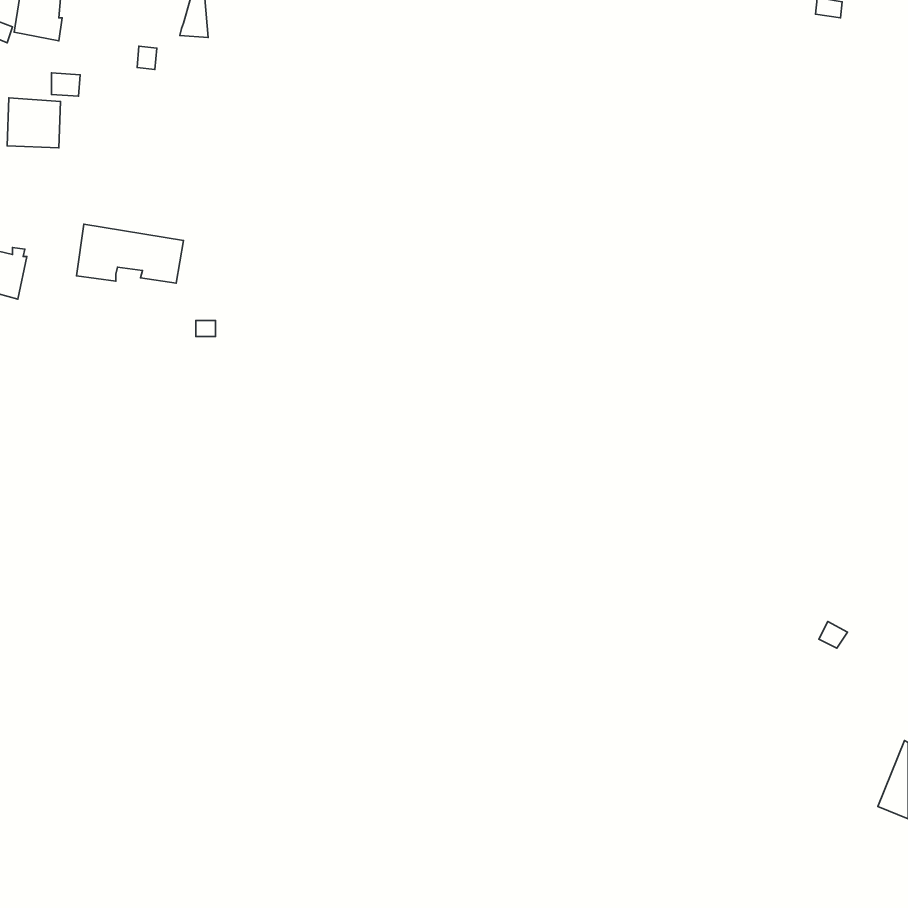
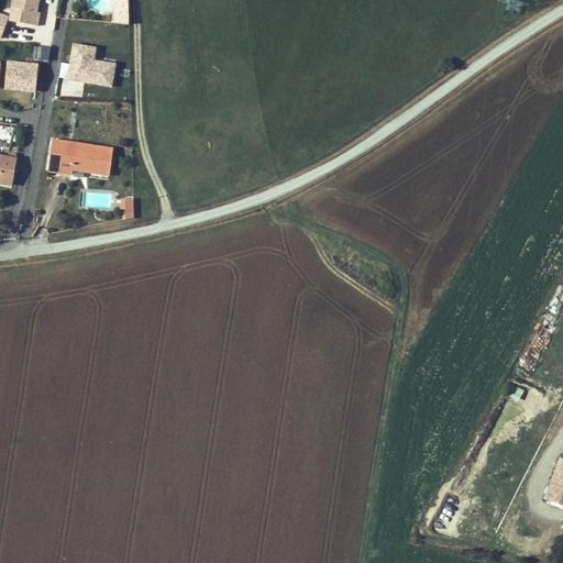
building: none -> [58,43,115,98]

